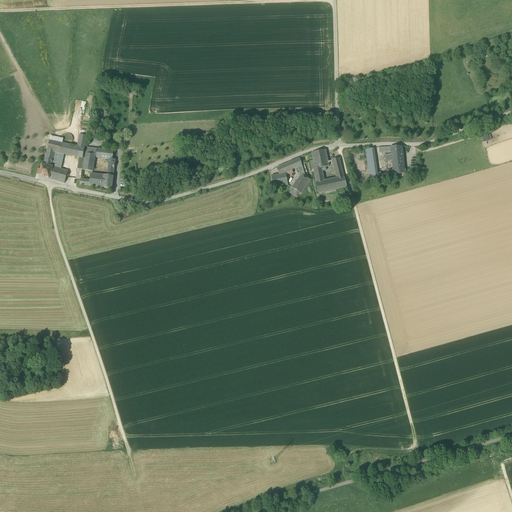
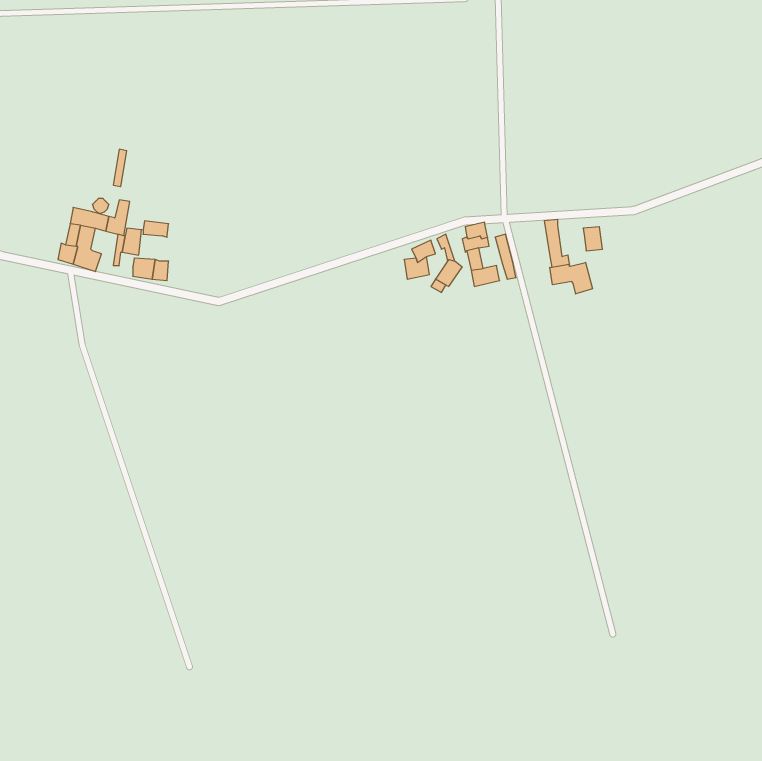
building: none -> [550,262,592,294]

